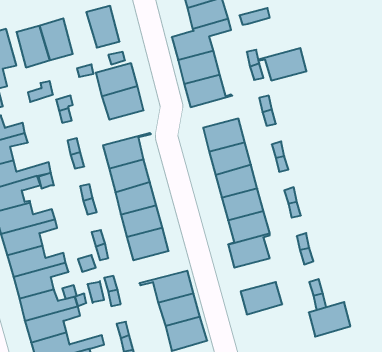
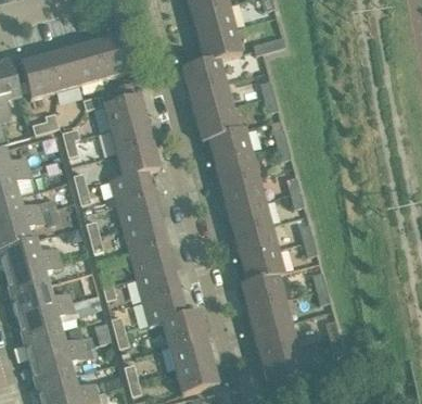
building: none -> [69,40,104,84]
building: [259,48,307,80] -> [202,127,252,161]
building: none -> [110,142,159,179]
building: none -> [142,289,199,323]
building: none -> [247,296,291,331]
building: [309,302,350,337] -> [260,344,304,380]

